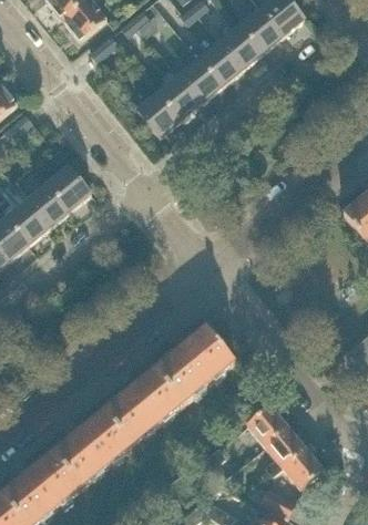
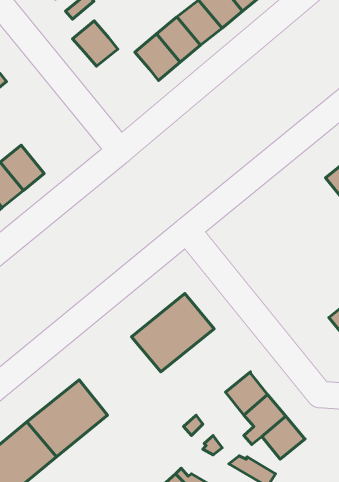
building: [136,92,181,136] -> [73,21,118,66]
building: [47,165,91,210] -> none
building: [103,370,183,446] -> none

